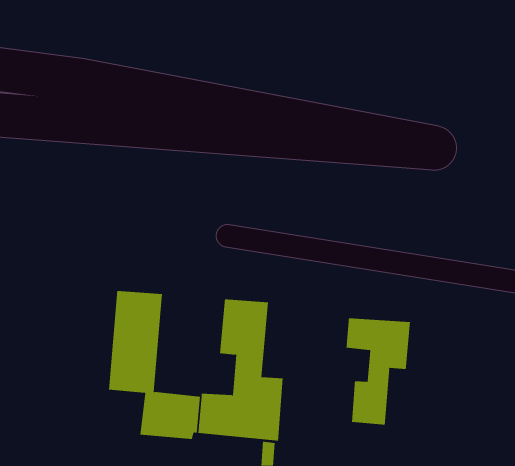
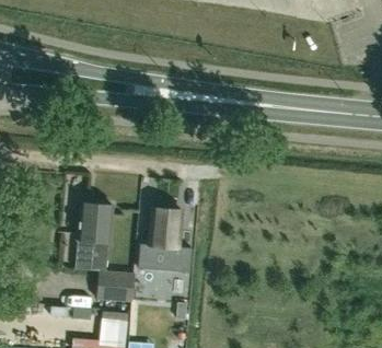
building: [346,318,410,426] -> none

